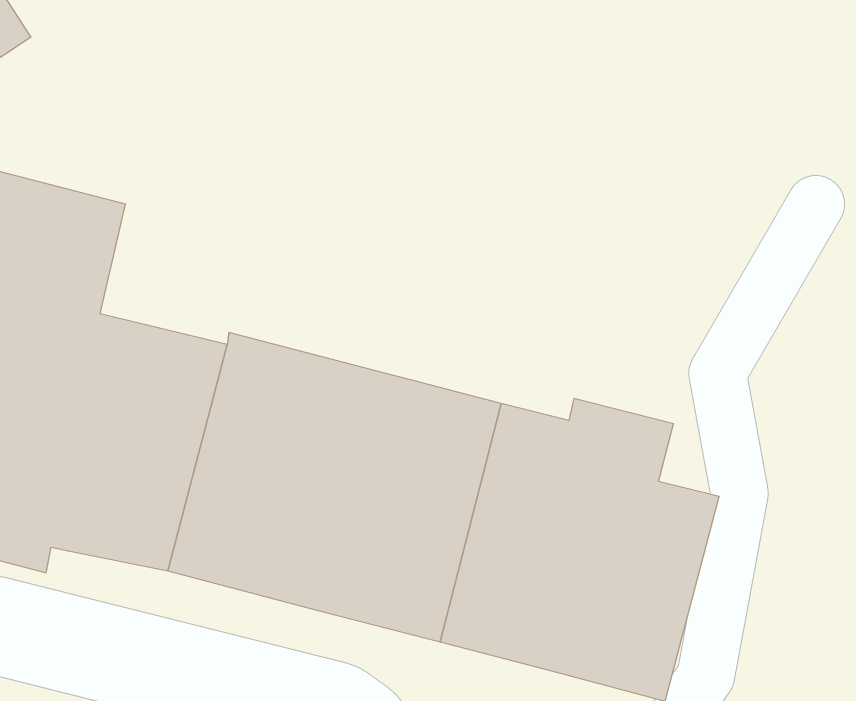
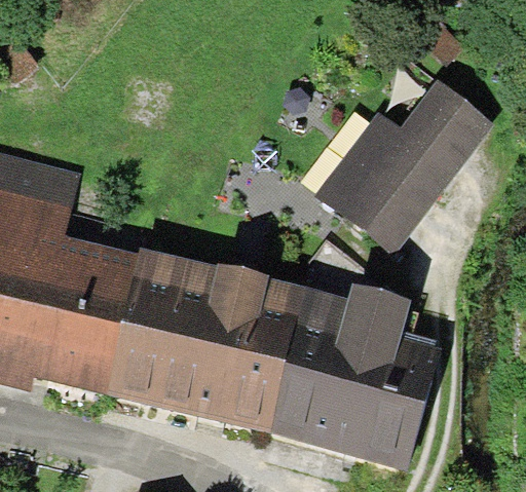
building: none -> [314,79,493,252]

